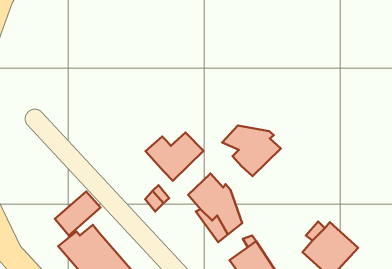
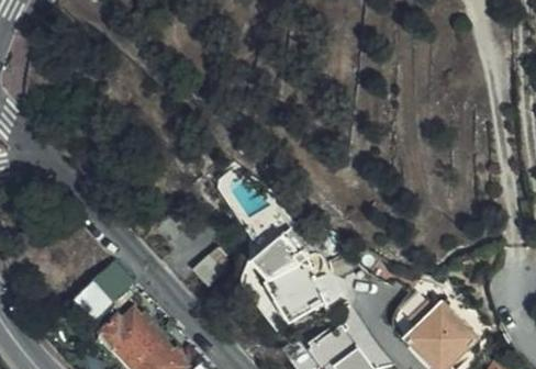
building: [222,126,281,176] -> none
building: [146,132,203,181] -> none

